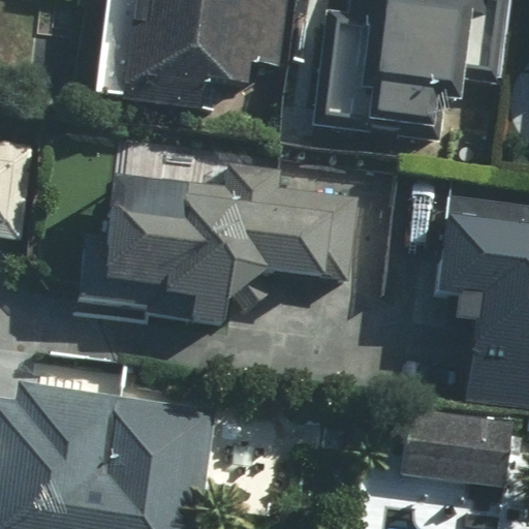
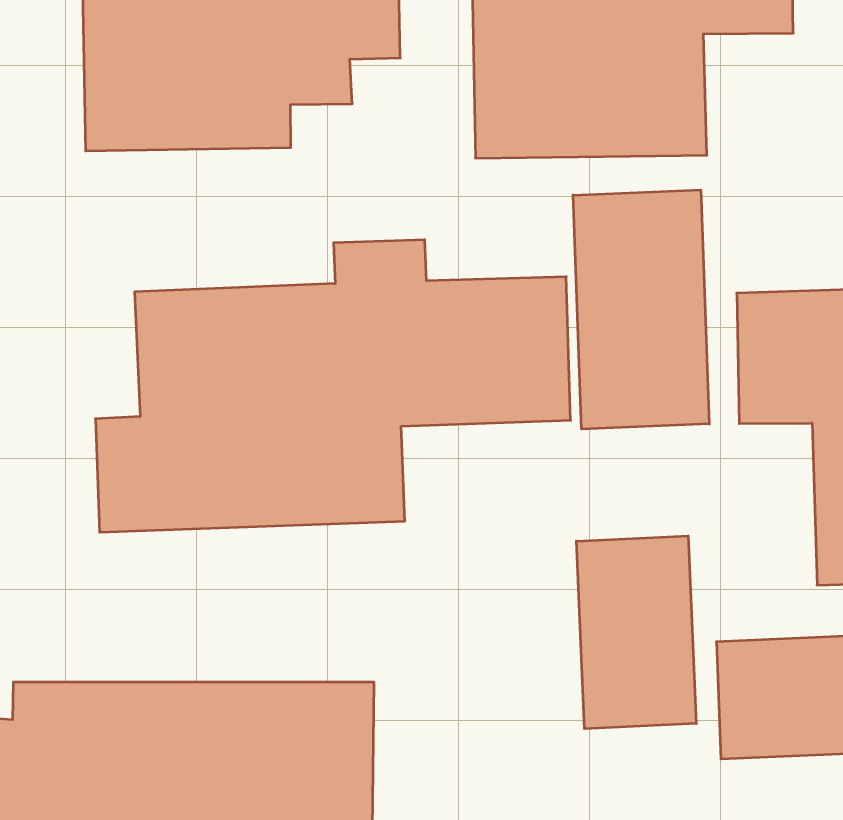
building: none -> [573,190,709,429]
building: none -> [576,536,696,729]

